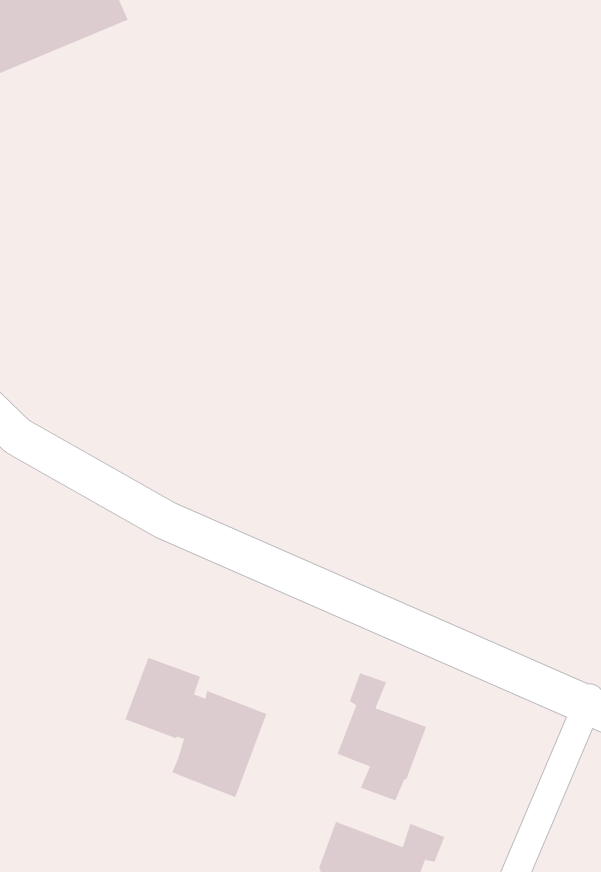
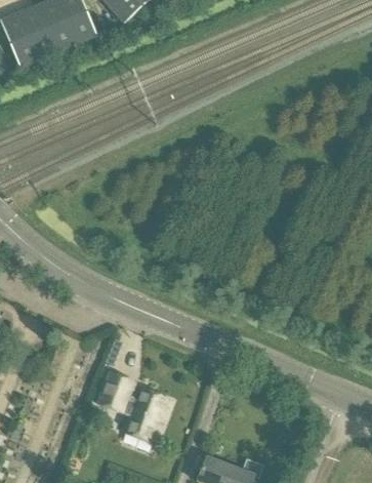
building: [337,672,427,801] -> none

